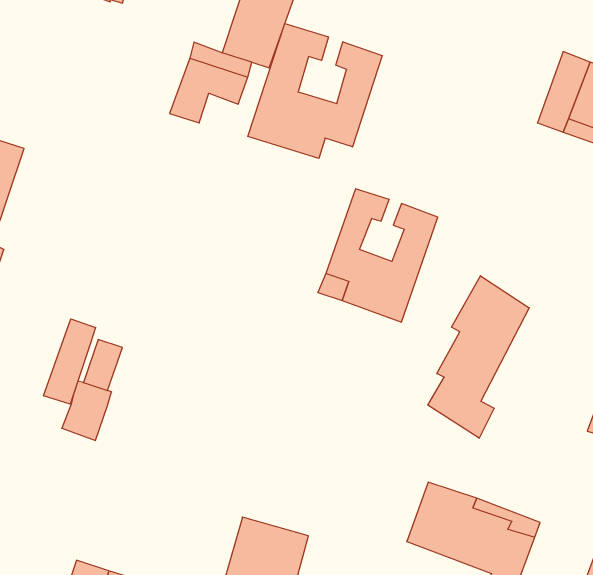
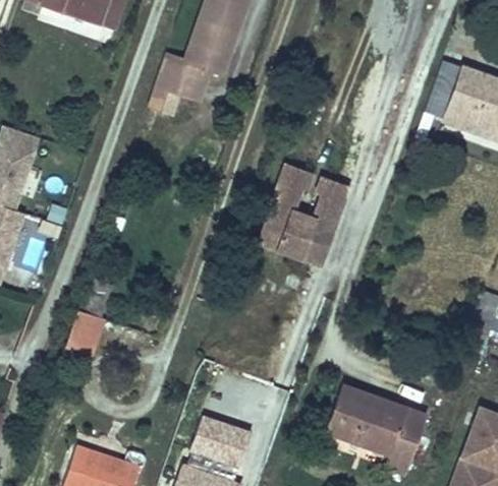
building: [248,24,382,158] -> none
building: [428,276,529,438] -> none
building: [44,319,96,404] -> none

